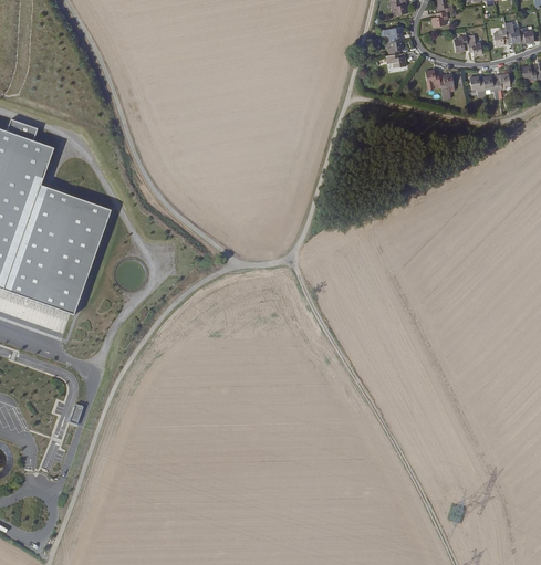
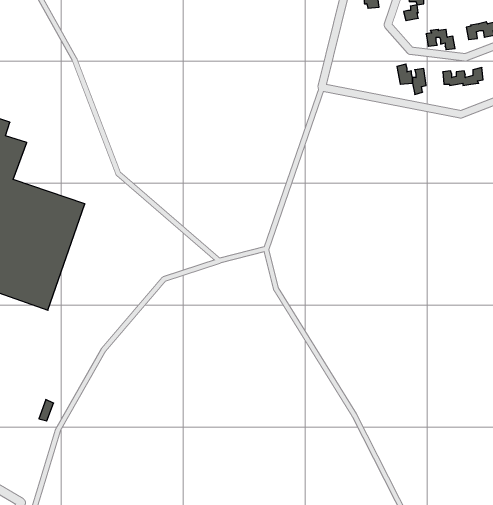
building: [382,27,403,67] -> none

